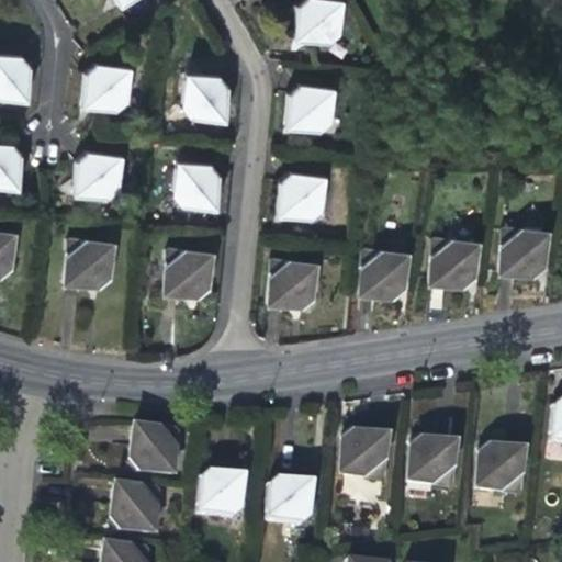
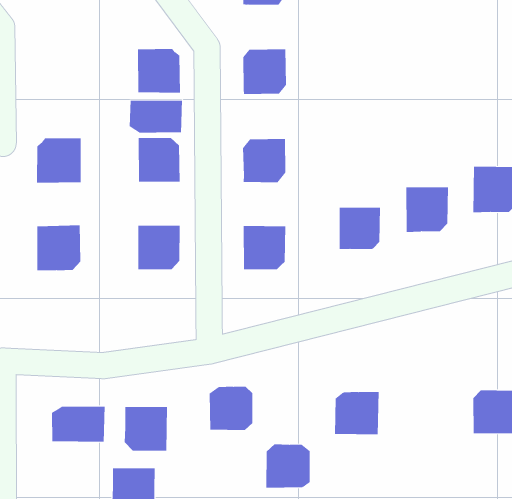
building: [81,65,131,112] -> none
building: none -> [129,100,182,133]
building: none -> [51,406,105,443]
building: [409,442,456,488] -> none
building: [199,473,246,519] -> [209,386,253,431]

